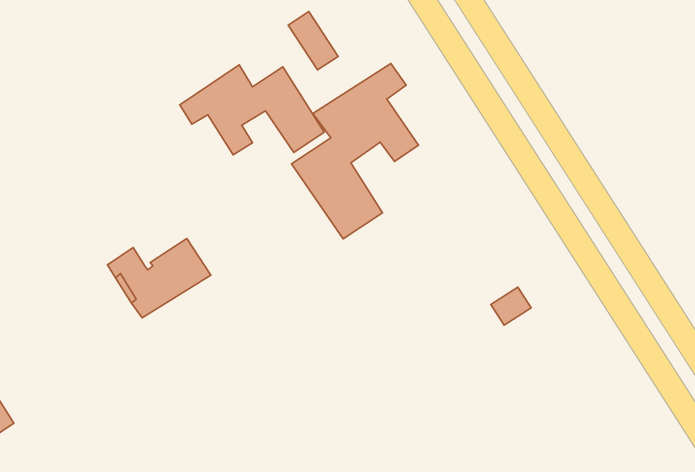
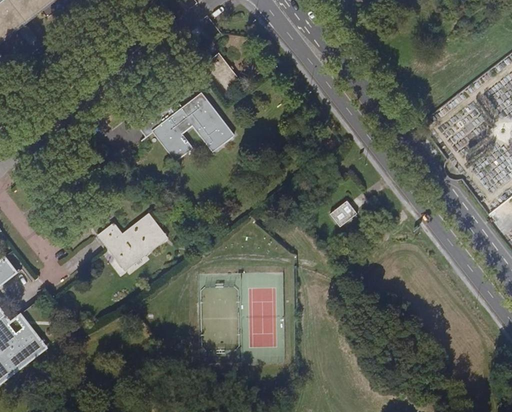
building: [291,63,418,239] -> none
building: [491,287,531,325] -> [330,201,357,227]

